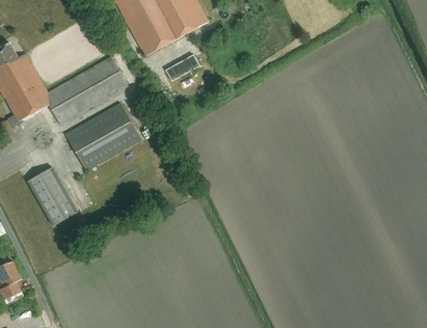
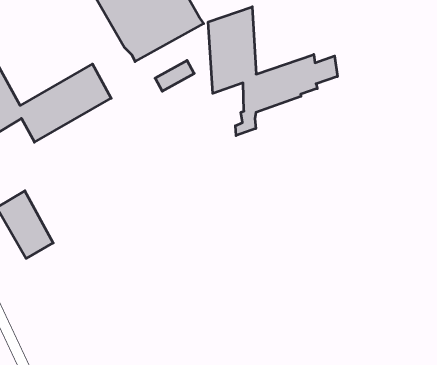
building: none -> [208,7,337,136]
building: [65,103,142,171] -> none

